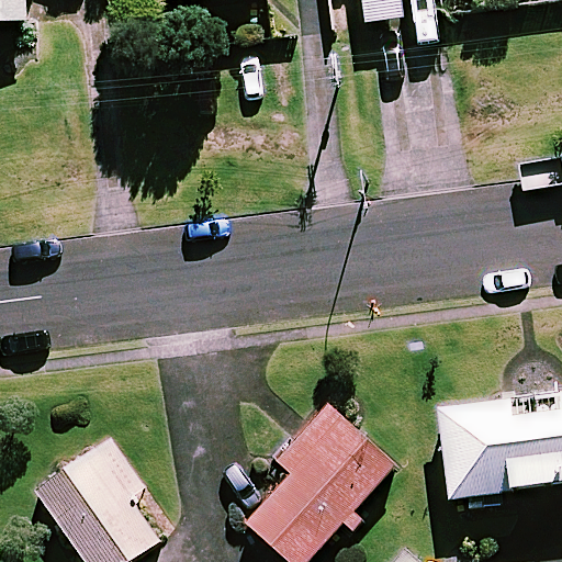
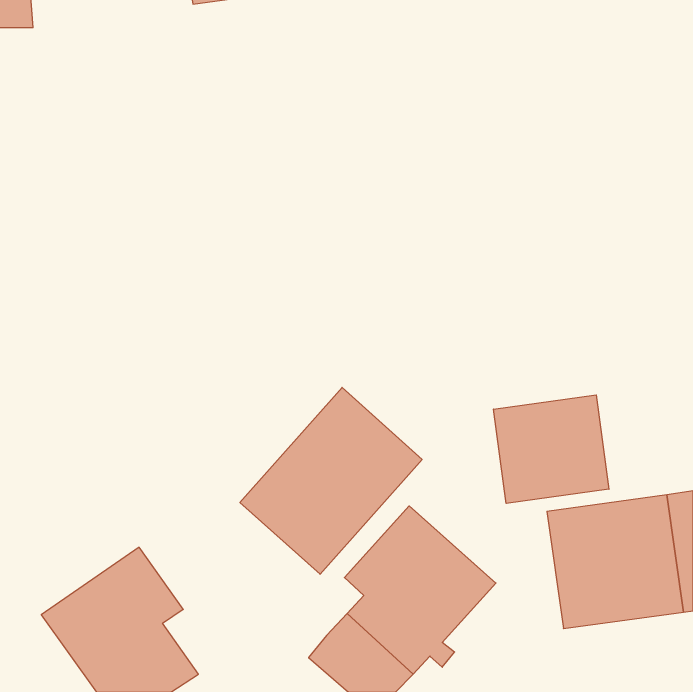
building: none -> [240,387,422,574]
building: none -> [494,395,609,503]

